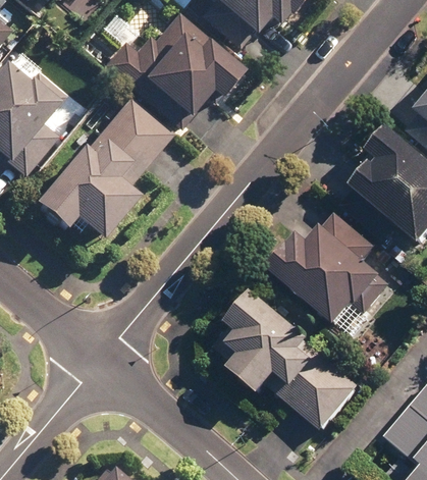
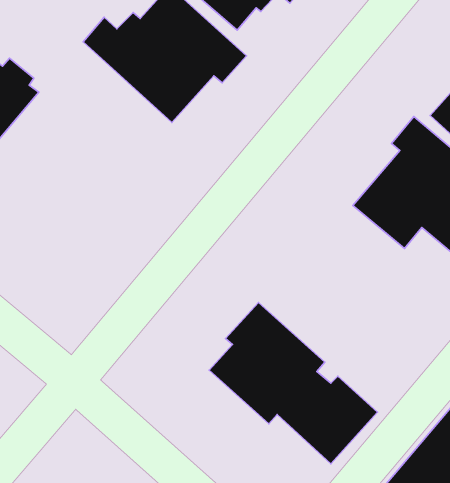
building: [40,98,173,242] -> none
building: [276,212,385,326] -> none

